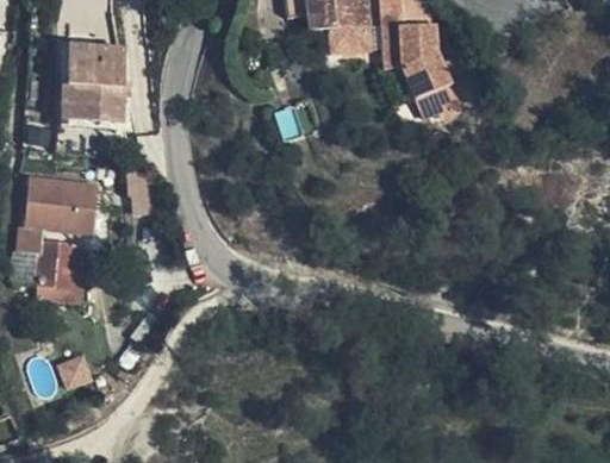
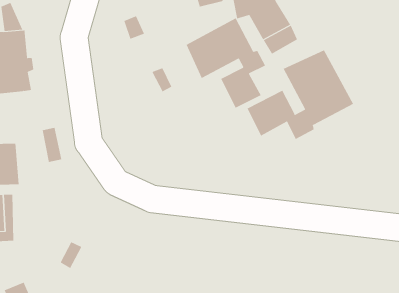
building: none -> [186,18,266,108]
building: none -> [247,49,354,140]

